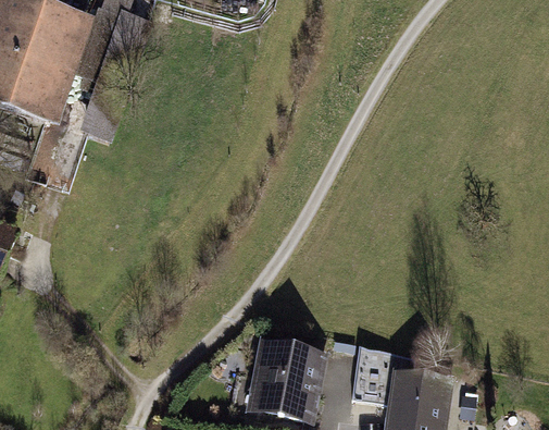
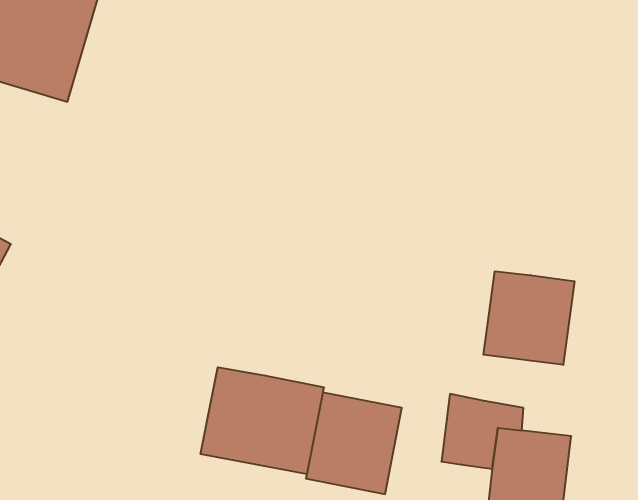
building: none -> [483,271,575,365]
building: none -> [201,367,324,474]

